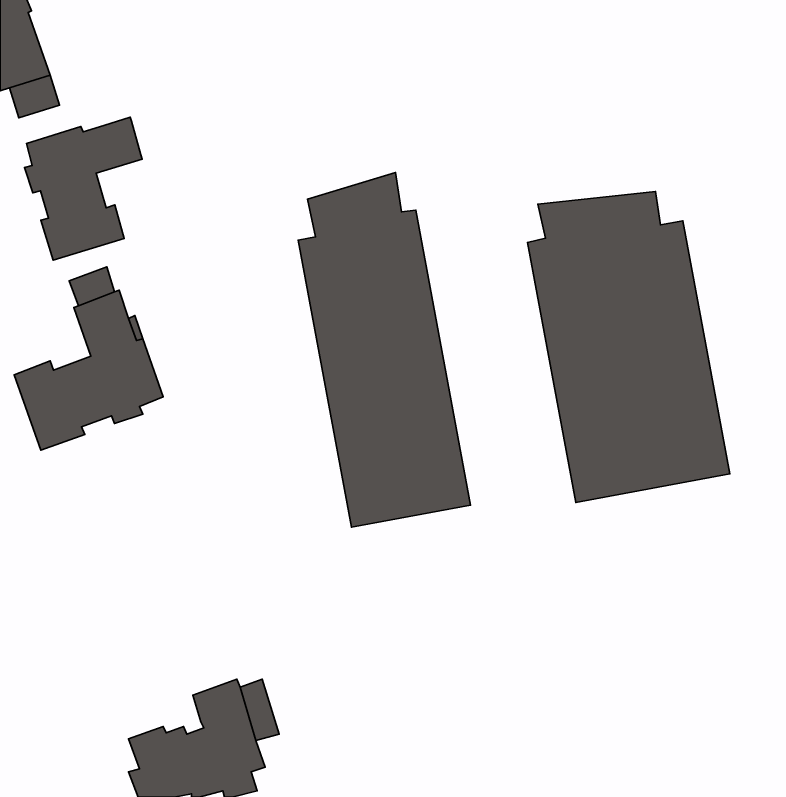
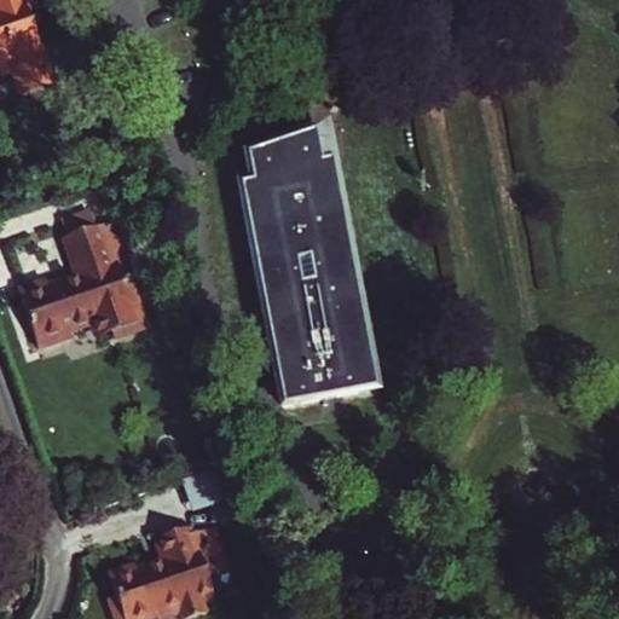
building: [25,117,142,260] -> none
building: [528,191,730,503] -> none

